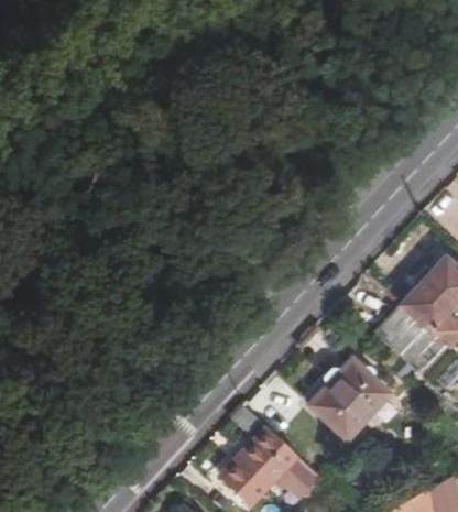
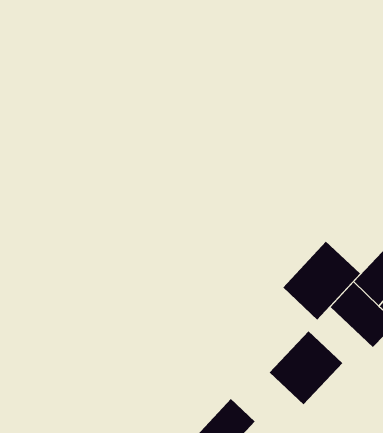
building: none -> [282,241,361,320]

